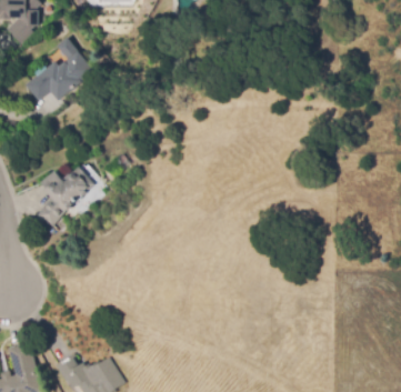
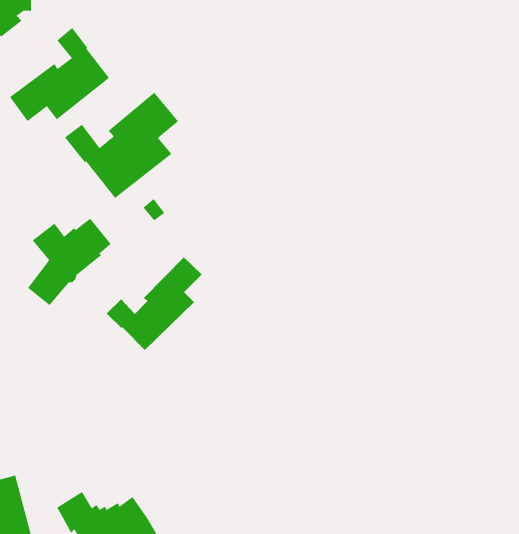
building: none -> [64,92,179,199]
building: none -> [106,257,203,351]

